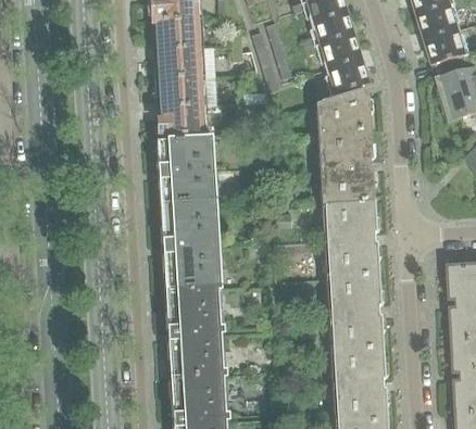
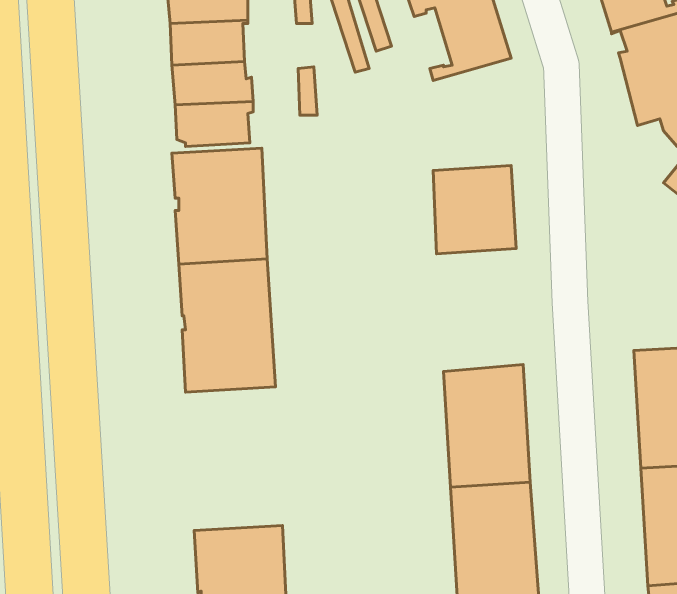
building: [317,88,369,151] -> none
building: [323,200,377,277] -> none
building: [165,287,226,377] -> none

